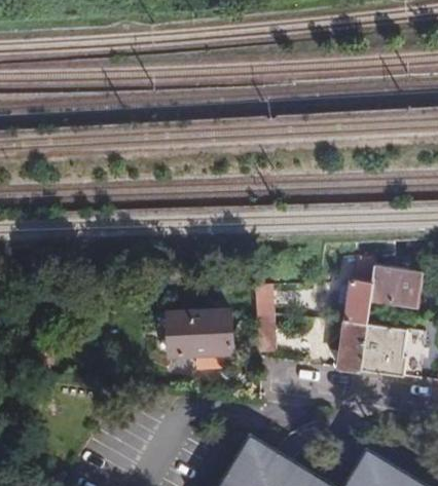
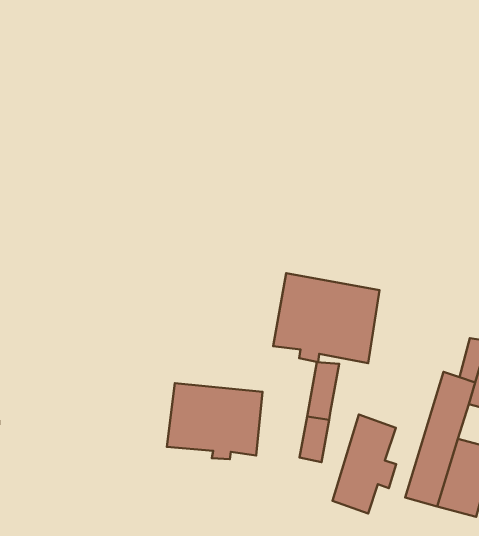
building: none -> [273,273,380,363]
building: none -> [332,414,396,514]

